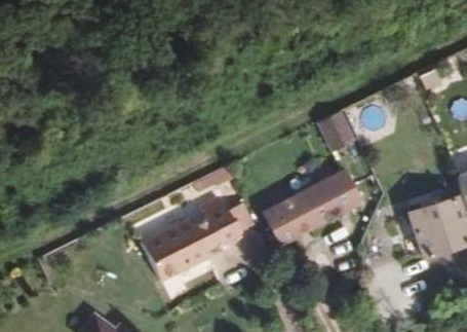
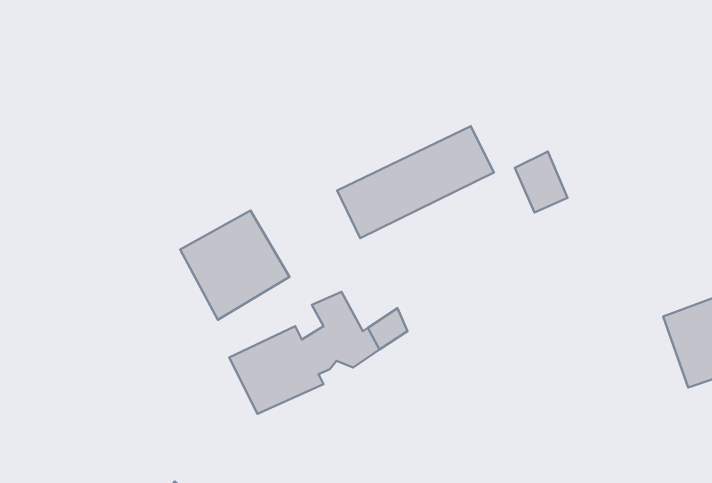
building: none -> [180,210,289,320]
building: [263,176,360,246] -> [337,126,494,238]

